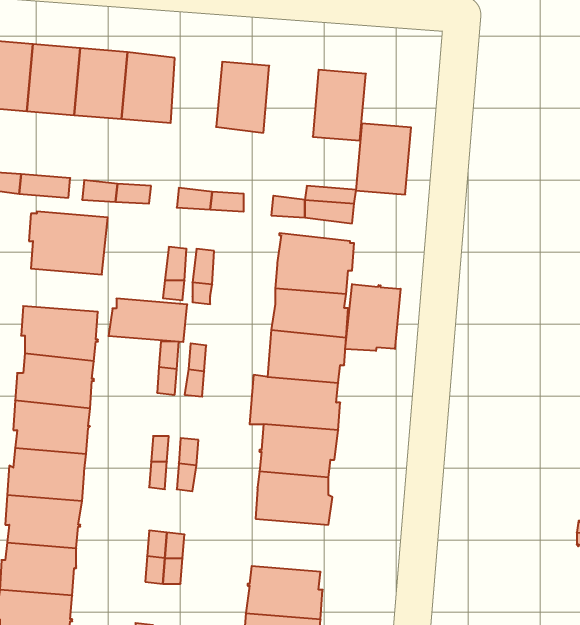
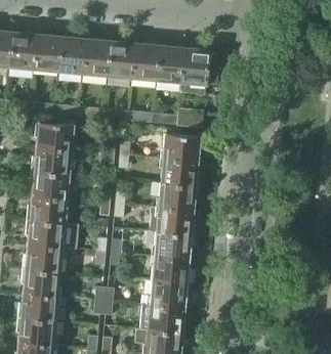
building: none -> [108,42,134,78]
building: [356,123,411,194] -> [156,46,184,83]
building: [345,284,401,351] -> none
building: [108,299,187,342] -> [31,151,72,174]
building: none -> [150,281,190,309]

